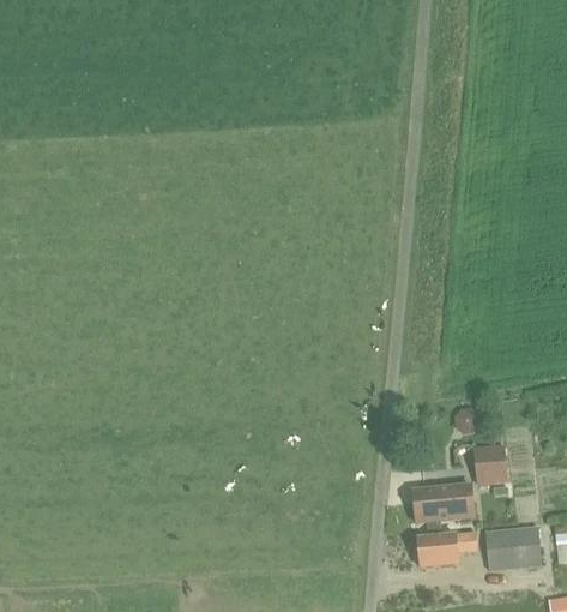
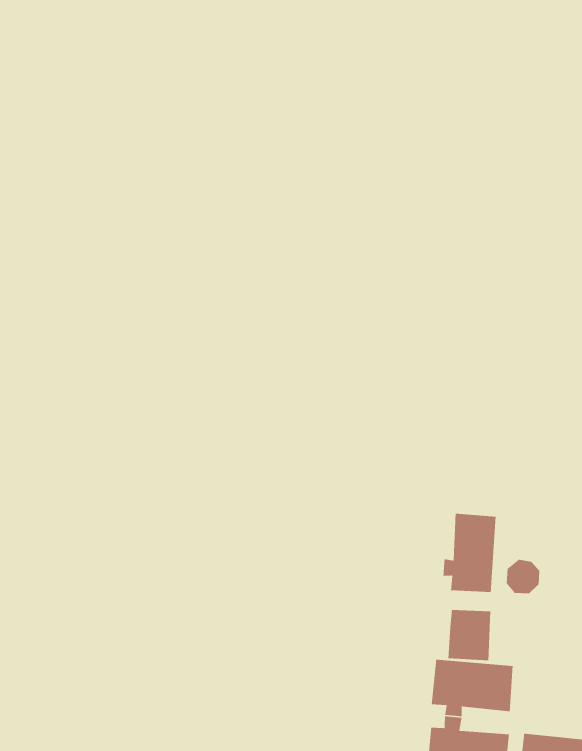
building: none -> [443,513,496,593]
building: [473,444,507,484] -> [447,609,491,661]

